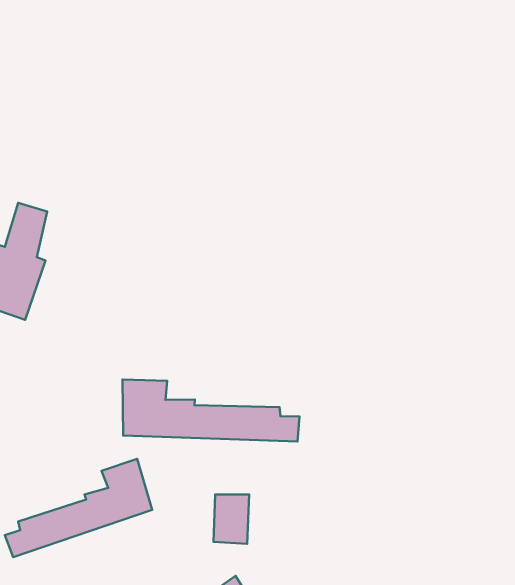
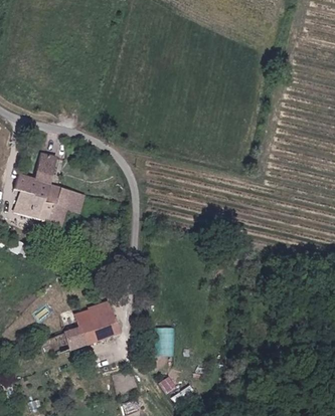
building: none -> [43,186,82,226]
building: [123,379,300,441] -> none

